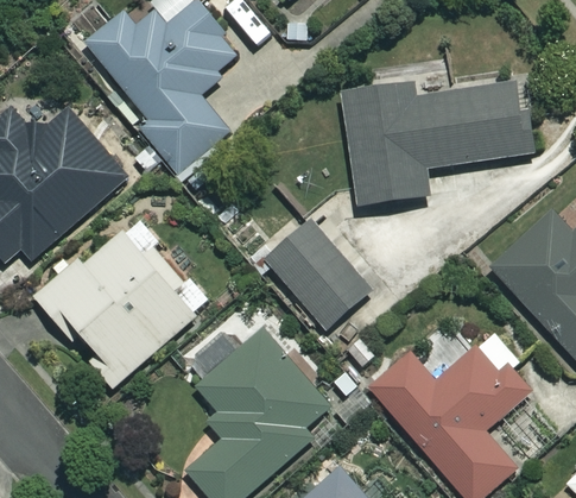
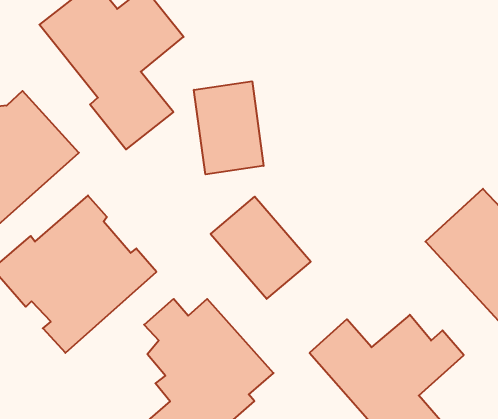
building: [342,80,530,206] -> none
building: none -> [194,81,264,174]

